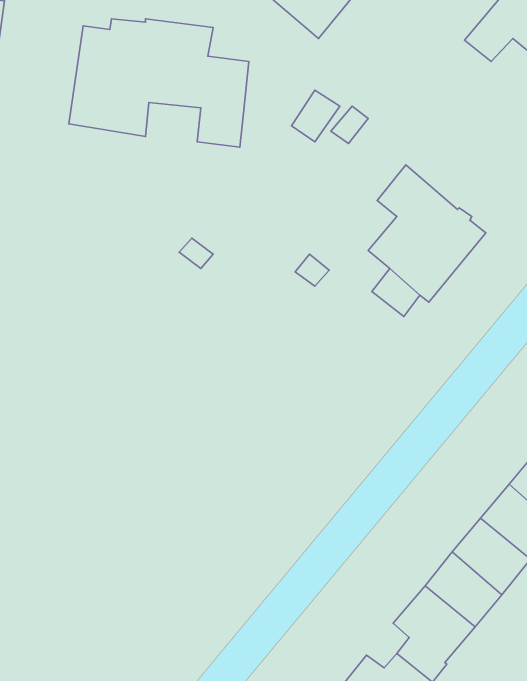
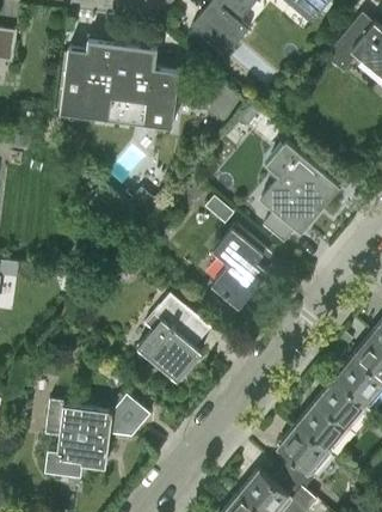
building: none -> [211,224,269,307]
building: none -> [137,293,205,382]
building: none -> [44,395,149,479]

